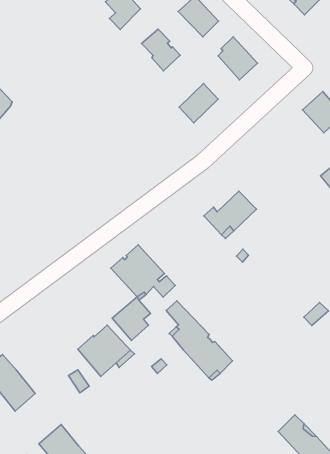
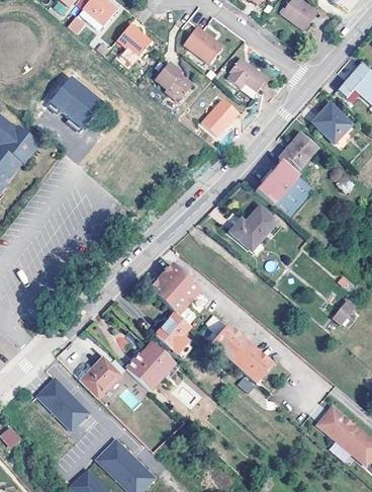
building: none -> [48,78,102,132]
building: none -> [255,132,316,217]
building: none -> [78,357,118,398]

